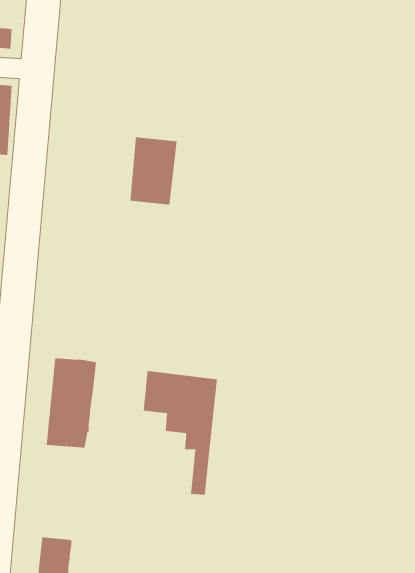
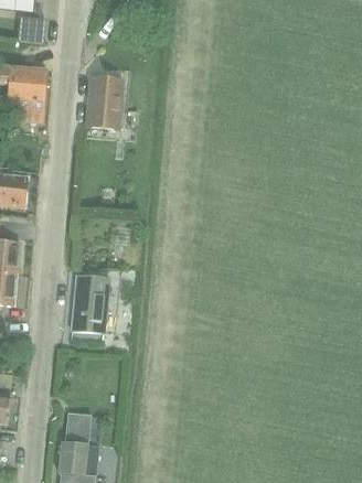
building: [129,137,177,205] -> [86,76,123,128]
building: [143,370,217,496] -> none

